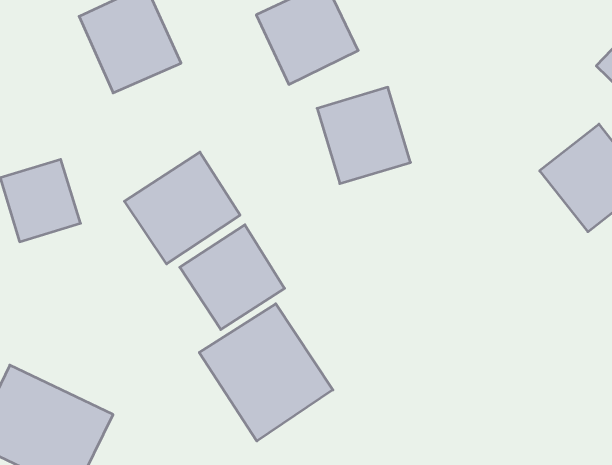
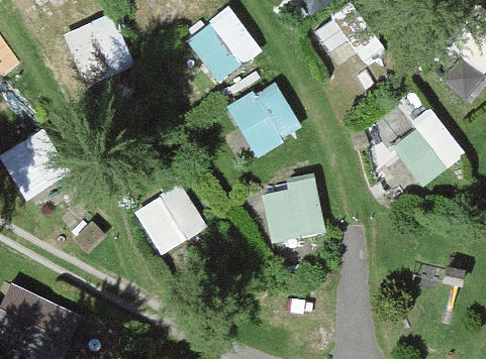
building: [124,152,240,264] -> none
building: none -> [259,178,326,245]
building: [199,304,333,441] -> none

